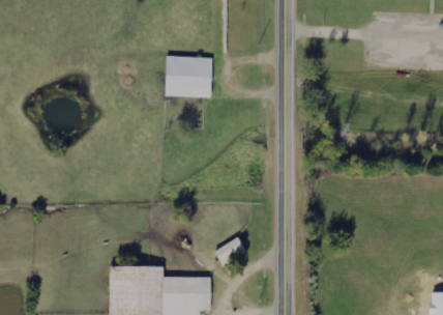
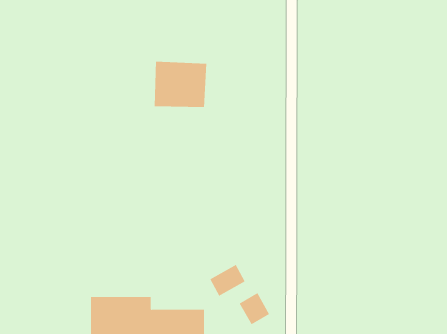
building: none -> [239,292,270,325]

